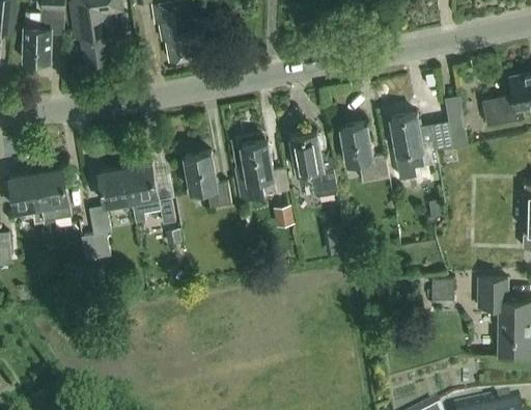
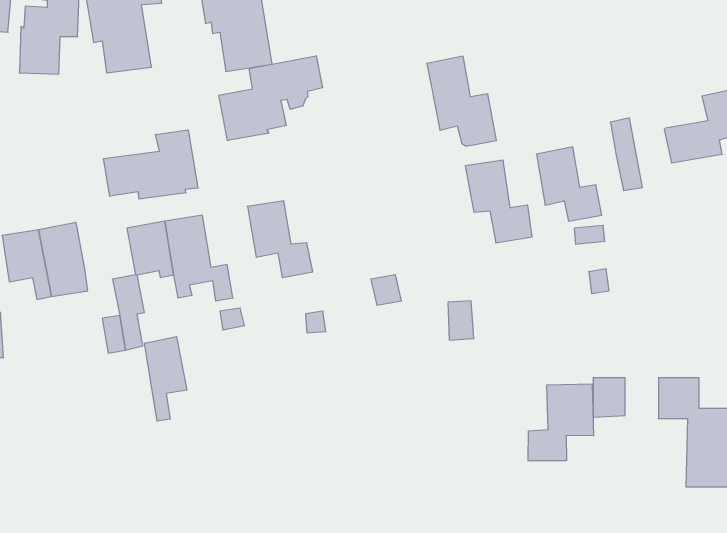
building: none -> [219,56,322,141]
building: none -> [104,130,198,199]
building: [290,134,340,198] -> [427,56,497,146]
building: [234,143,287,200] -> none
building: none -> [145,336,187,421]
building: none -> [528,384,593,461]

